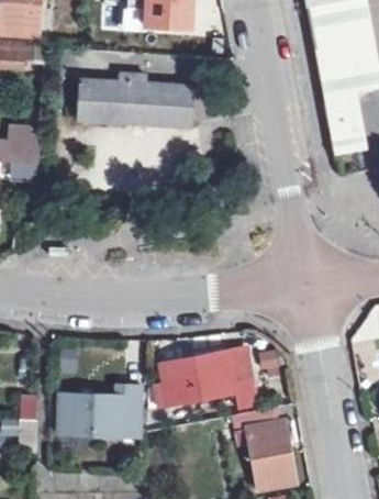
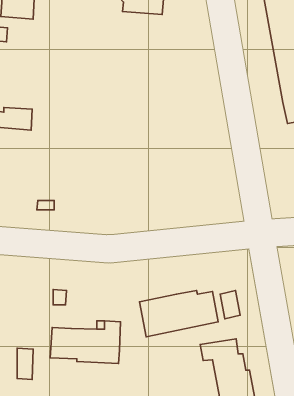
building: [74,71,191,126] -> none

